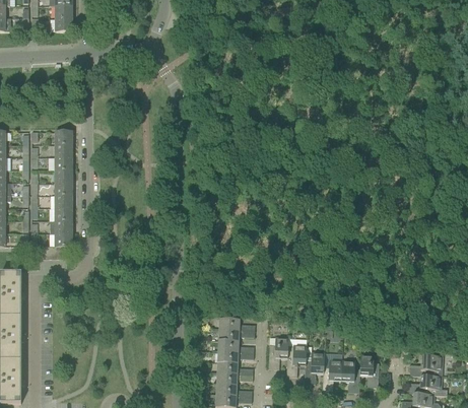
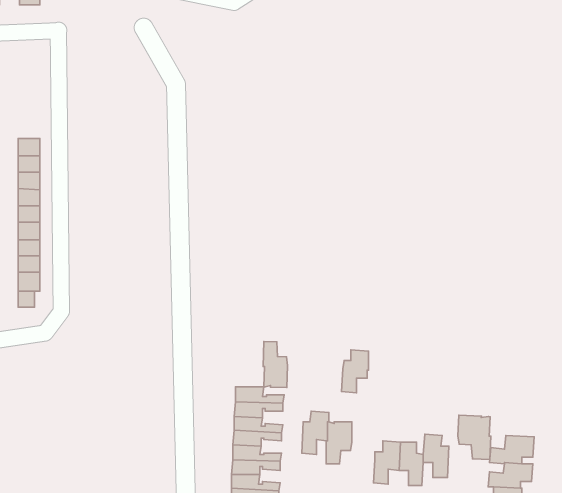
building: none -> [263,342,288,388]
building: none -> [458,415,491,460]
building: [304,351,324,384] -> [341,350,369,393]

